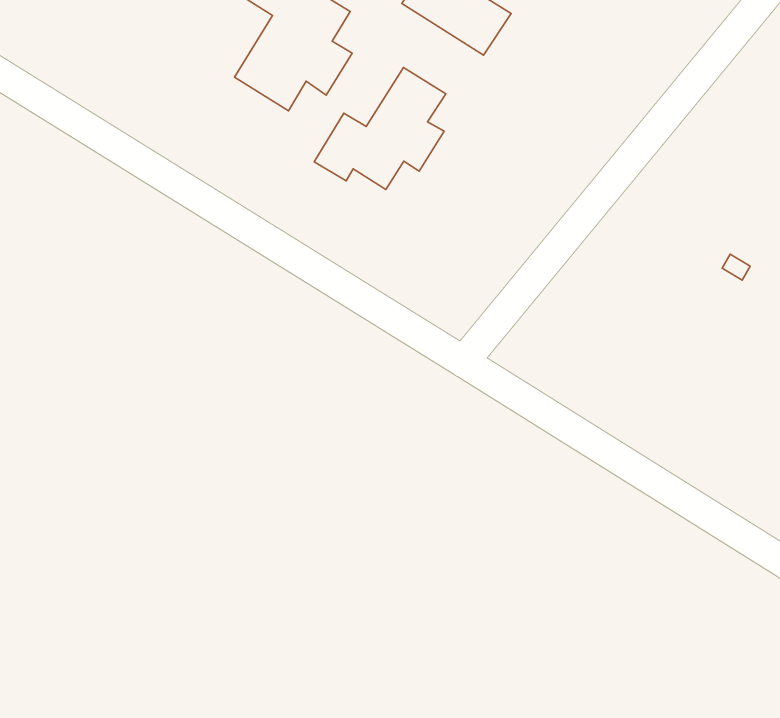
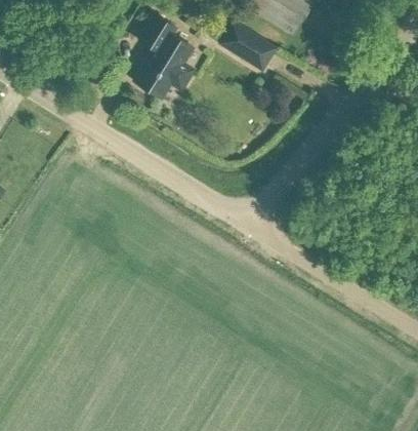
building: [314,68,446,189] -> none

